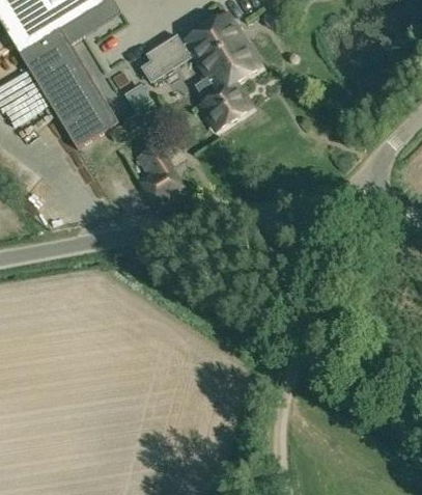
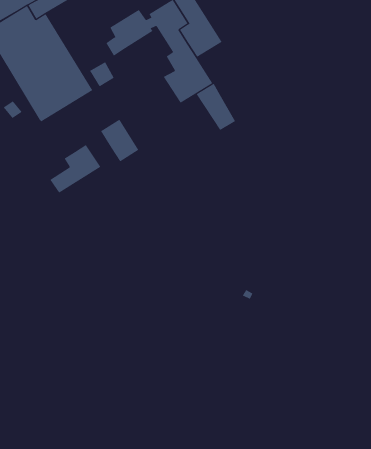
building: none -> [196,83,236,131]
building: none -> [49,144,101,194]

